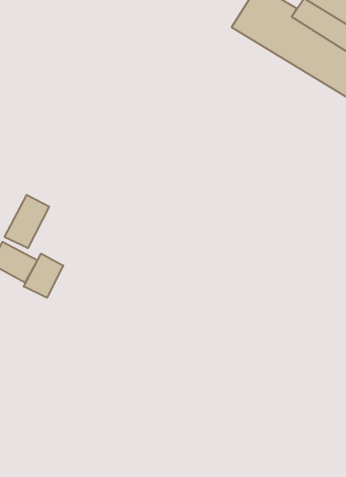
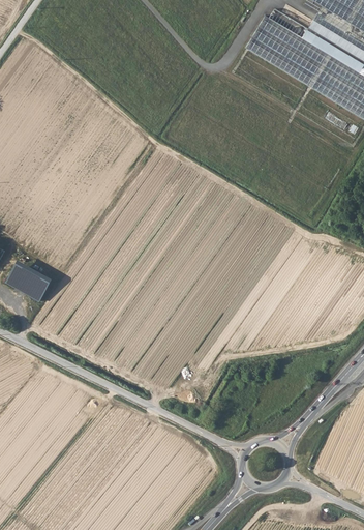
building: [5,195,49,248] -> none
building: [24,254,63,298] -> none

